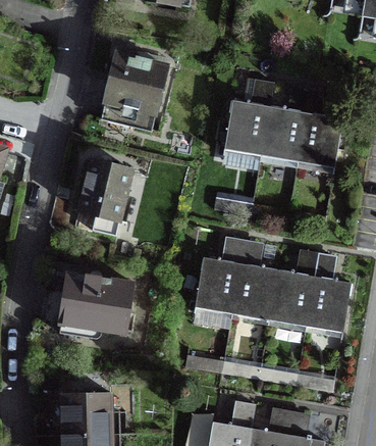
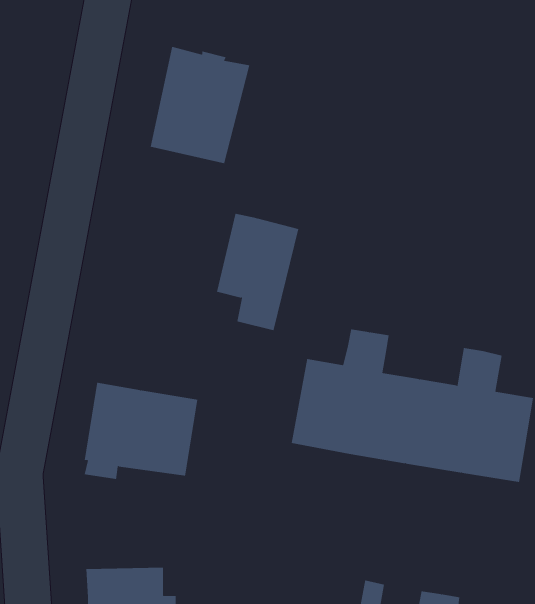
building: [223,80,343,174] -> none
building: [78,159,132,236] -> [216,213,299,331]

